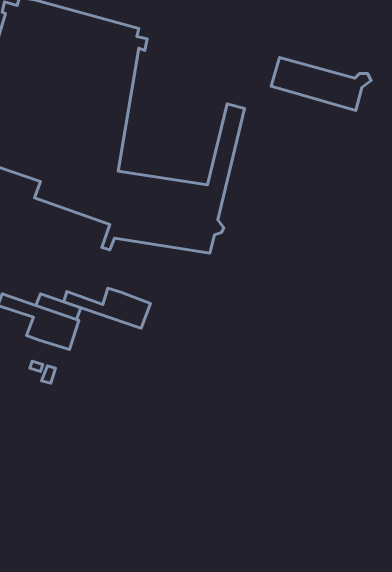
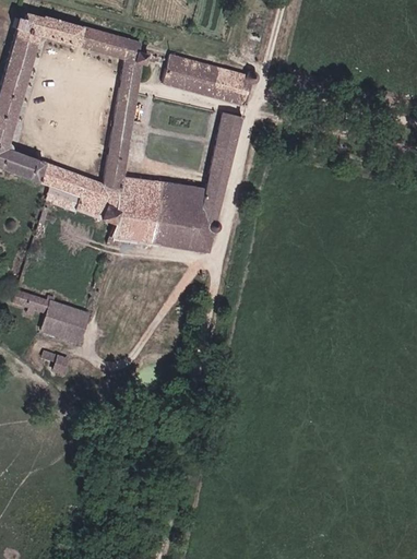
building: [271,57,371,111] -> [165,53,259,104]
building: [64,288,150,328] -> none

